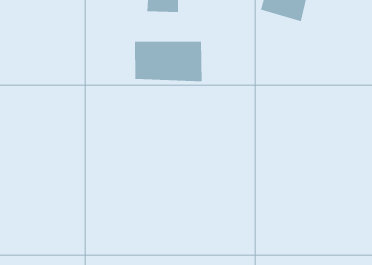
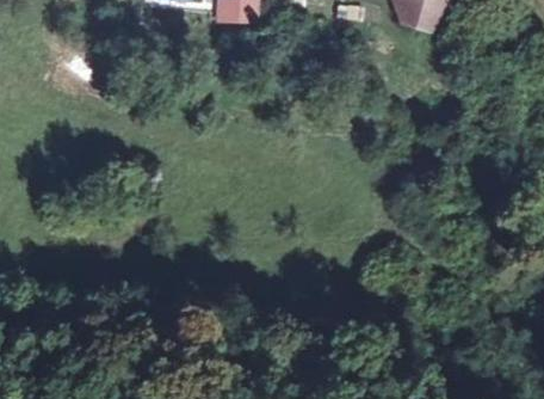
building: [134,41,202,82] -> none

